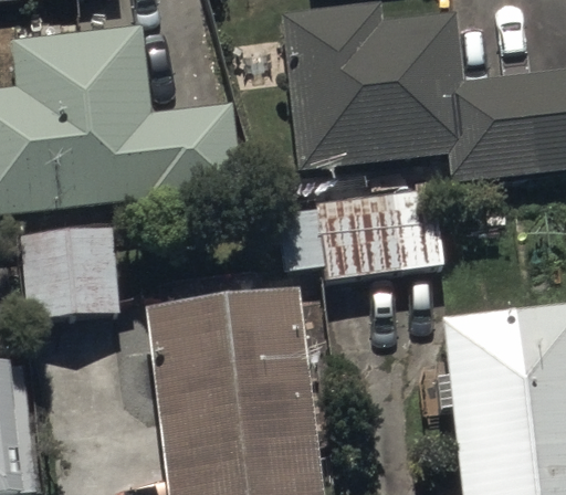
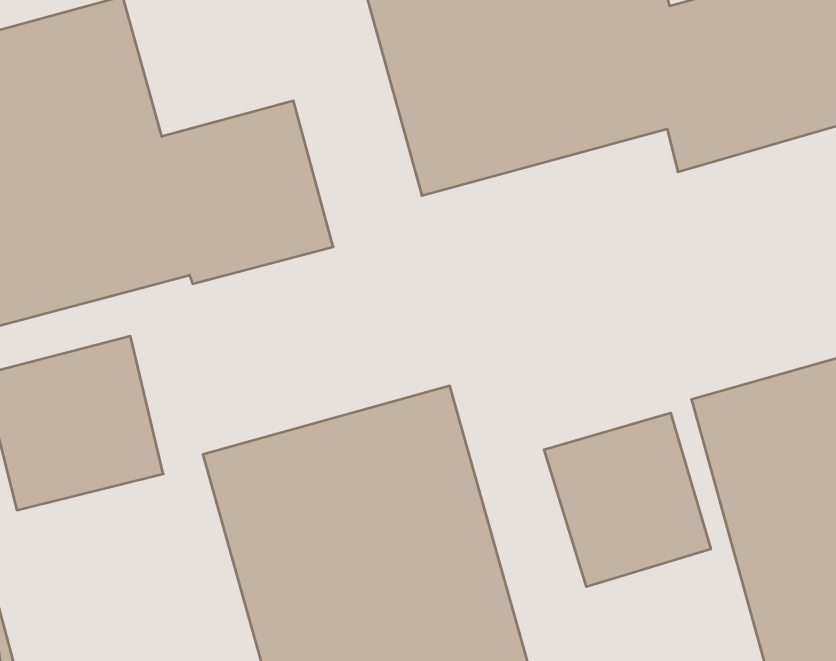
building: [317,189,444,278] -> none
building: none -> [544,413,711,587]

